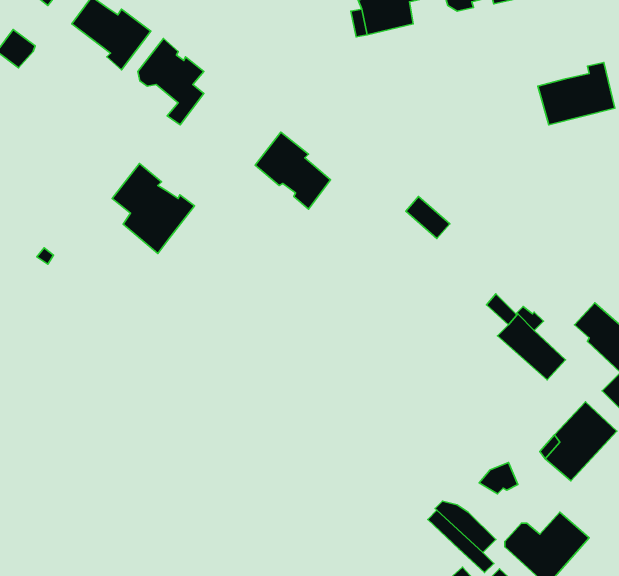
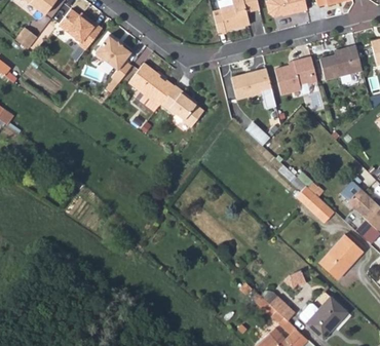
building: none -> [273,56,316,94]
building: none -> [230,68,271,99]
building: [112,164,195,254] -> [128,61,175,111]

